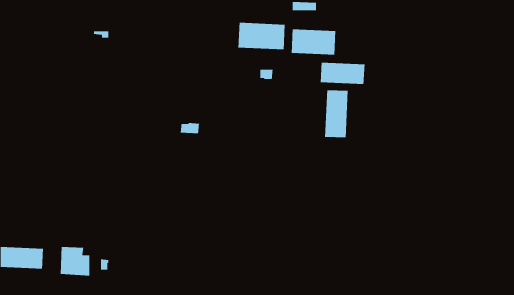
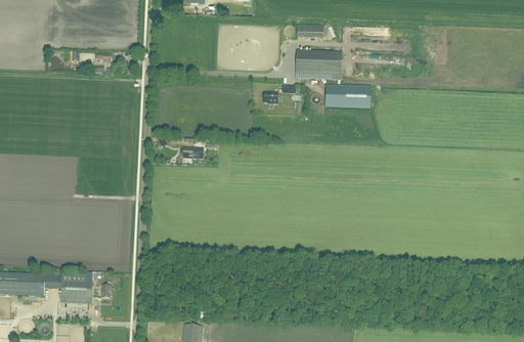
building: [238,22,286,50] -> none
building: [324,89,349,138] -> none

